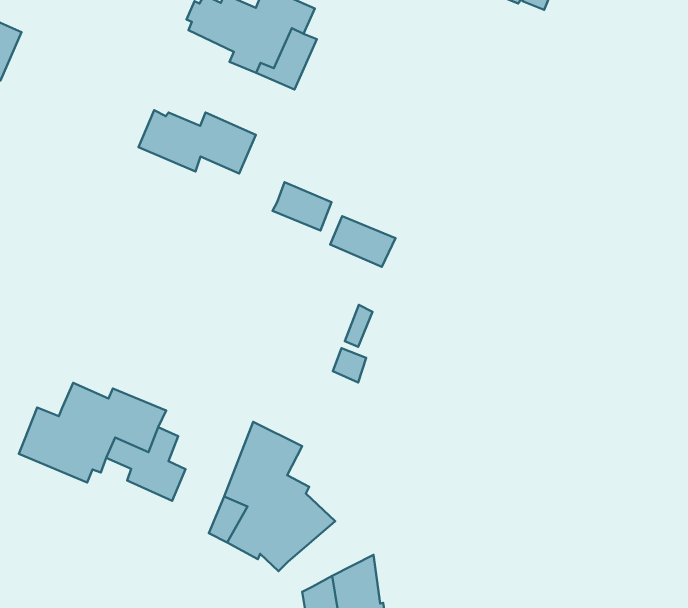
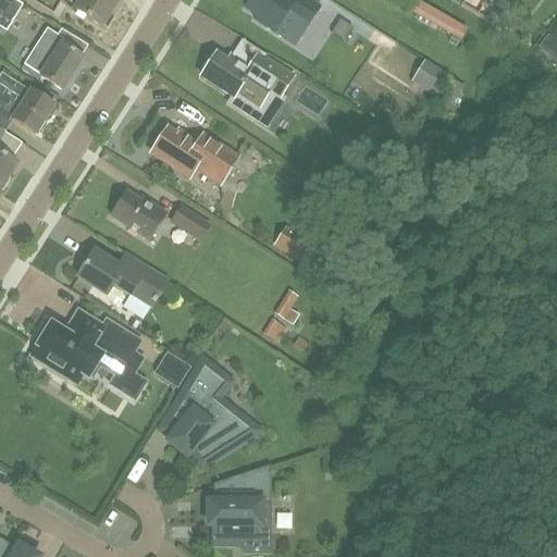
building: [272,182,331,230] -> [169,202,211,240]
building: none -> [111,190,165,237]
building: none -> [77,248,166,304]
building: none -> [156,352,189,385]

